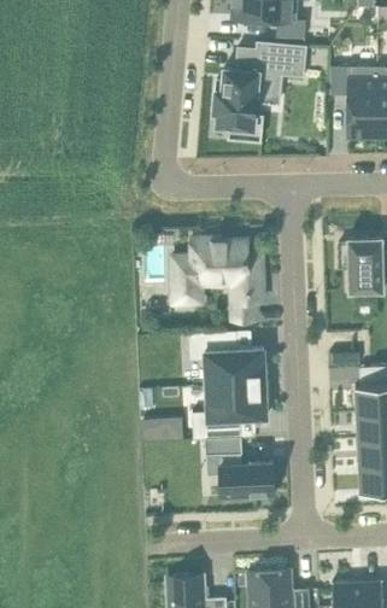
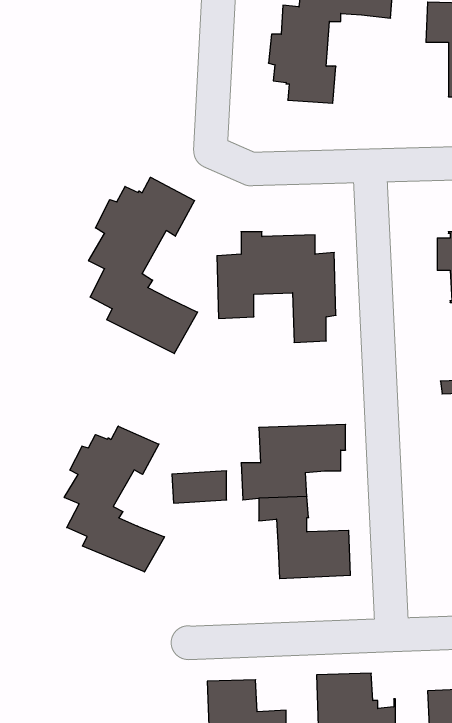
building: none -> [89,177,198,354]
building: [188,331,270,385] -> none
building: none -> [64,426,164,572]

